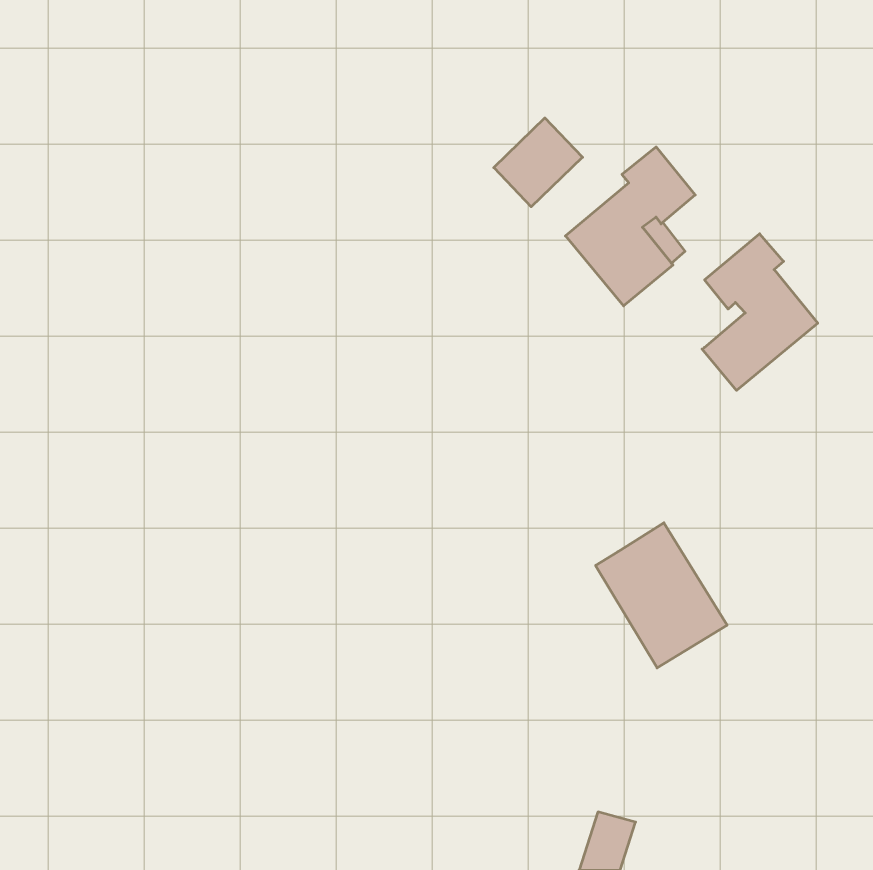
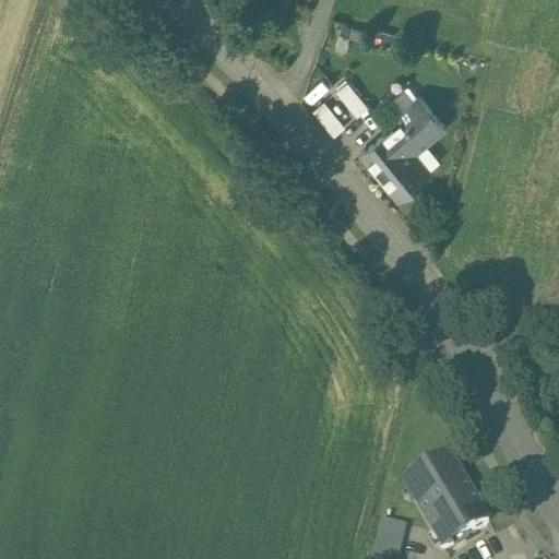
building: [702,234,818,390] -> none
building: [596,523,727,668] -> [405,455,489,548]

